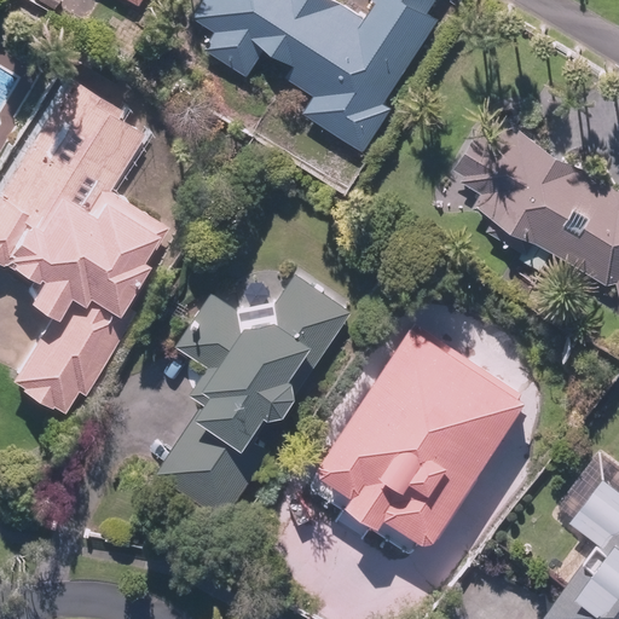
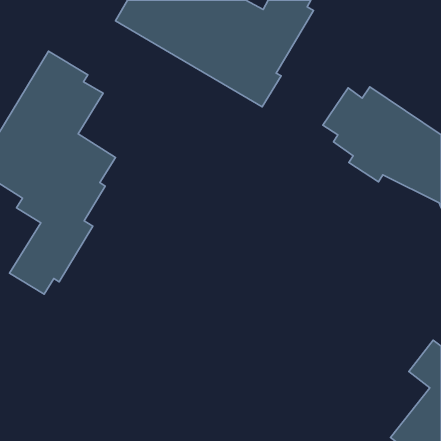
building: [160,274,353,514] -> none
building: [324,322,530,538] -> none

